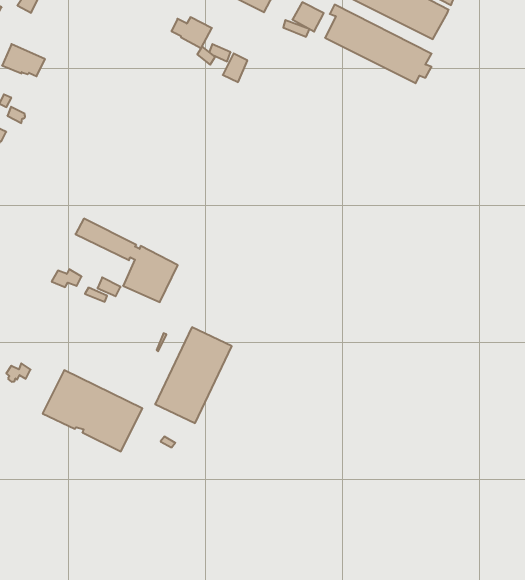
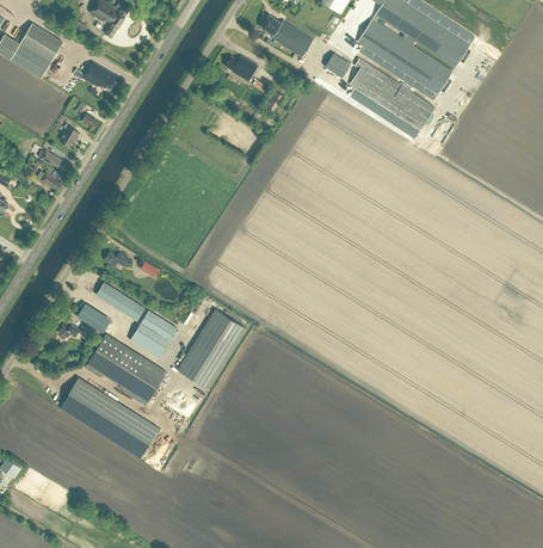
building: [75,219,178,302] -> [94,282,175,357]
building: none -> [75,302,111,333]
building: none -> [58,376,159,457]

